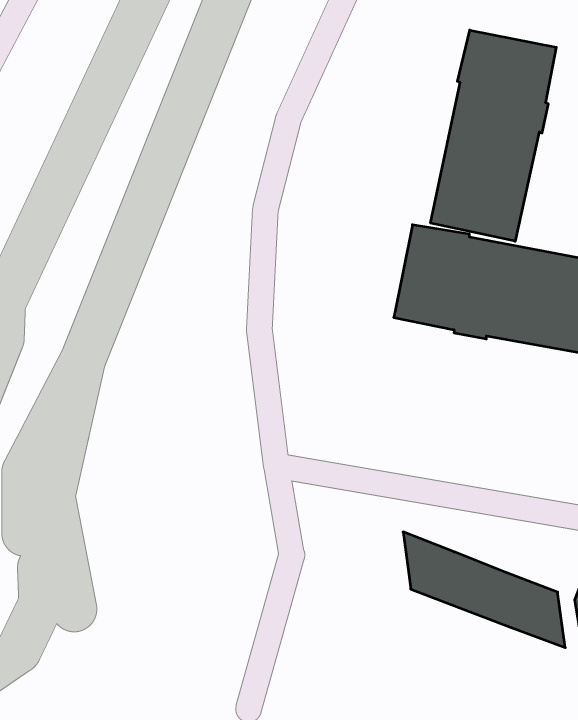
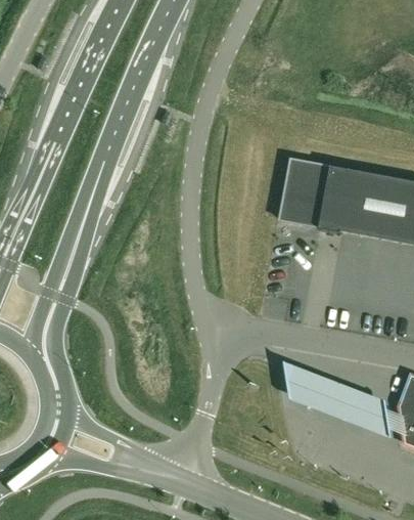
building: [431,30,556,241] -> none

